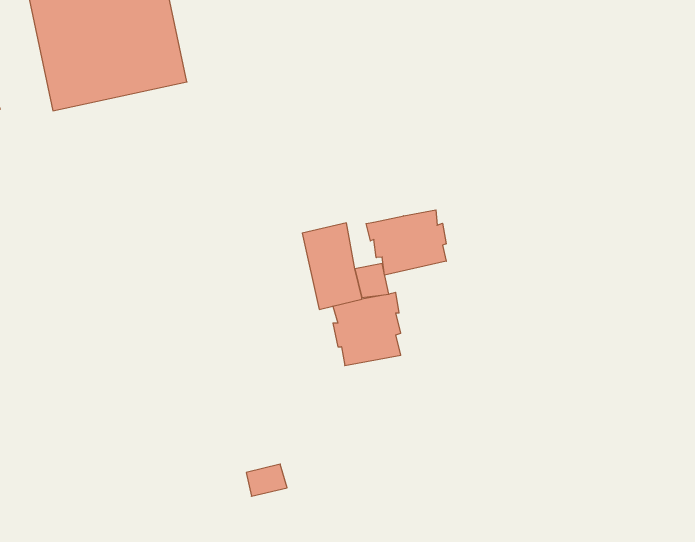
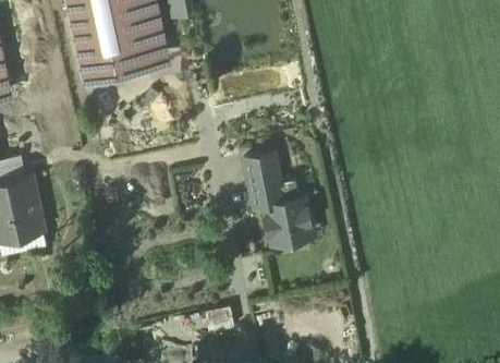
building: [366,210,446,275] -> none

